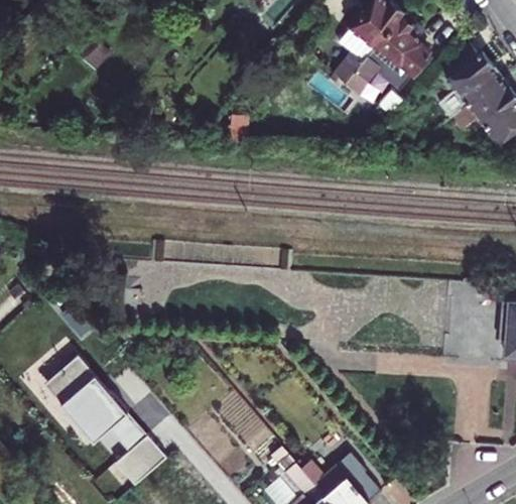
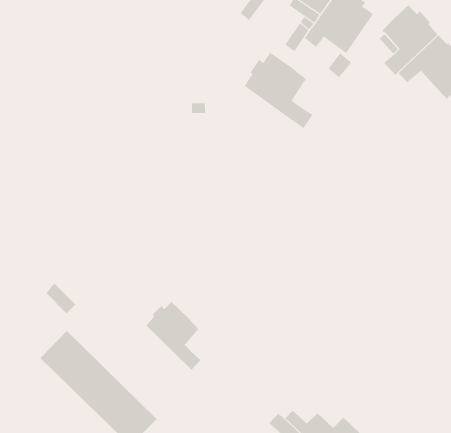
building: none -> [244,52,313,129]
building: none -> [145,301,201,370]

